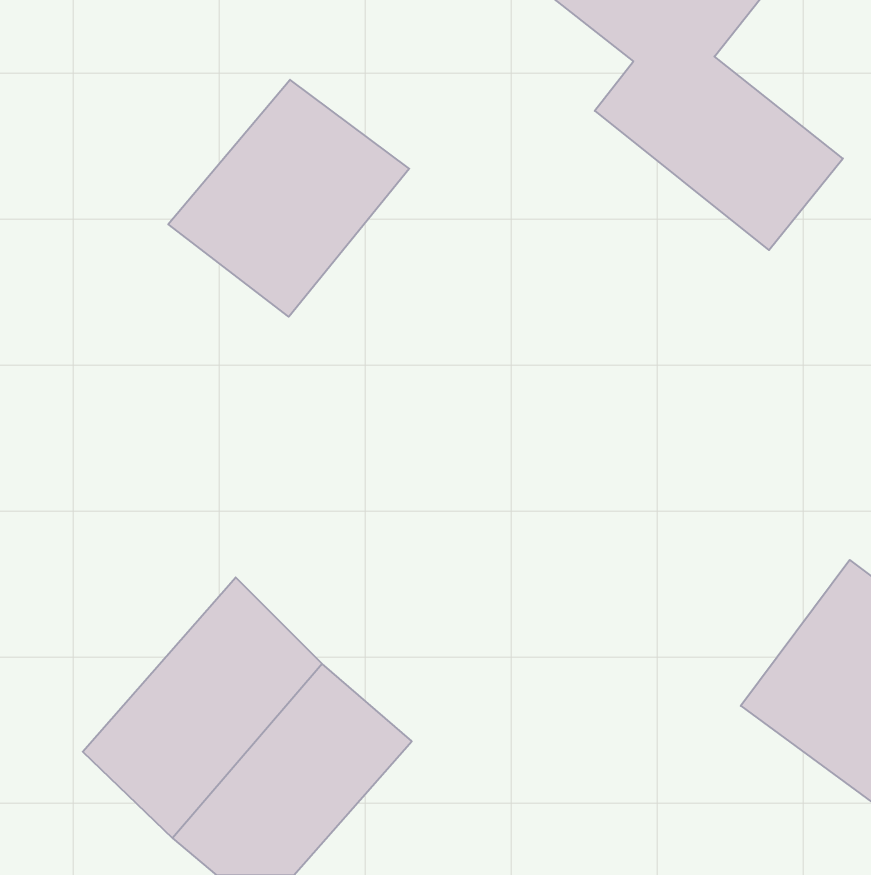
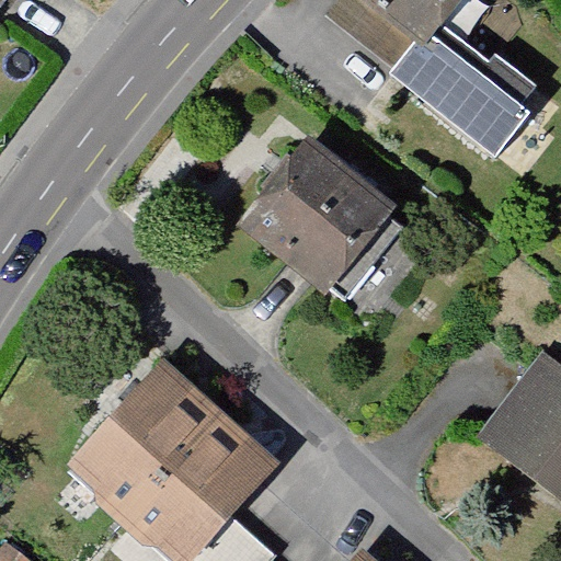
building: [168,80,409,317] -> none
building: none -> [230,135,389,294]

